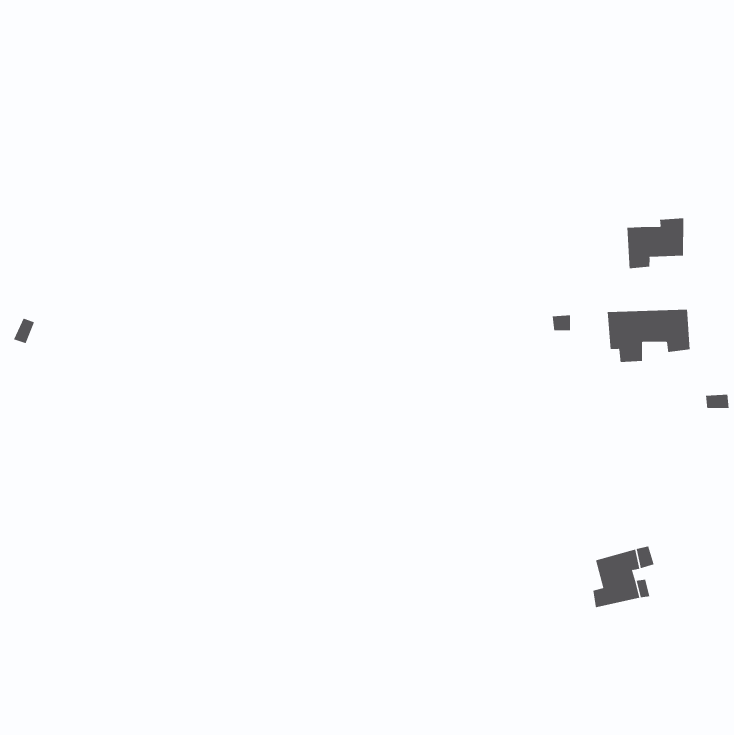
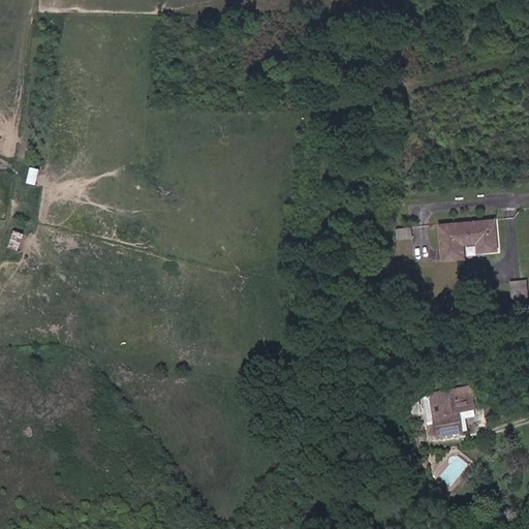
building: [627,218,684,269] -> none

